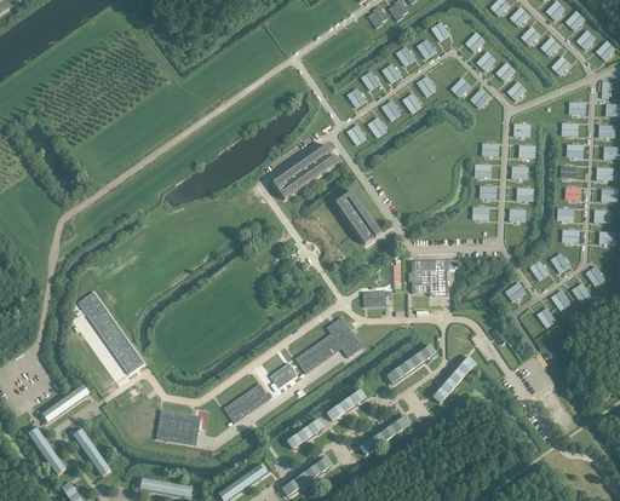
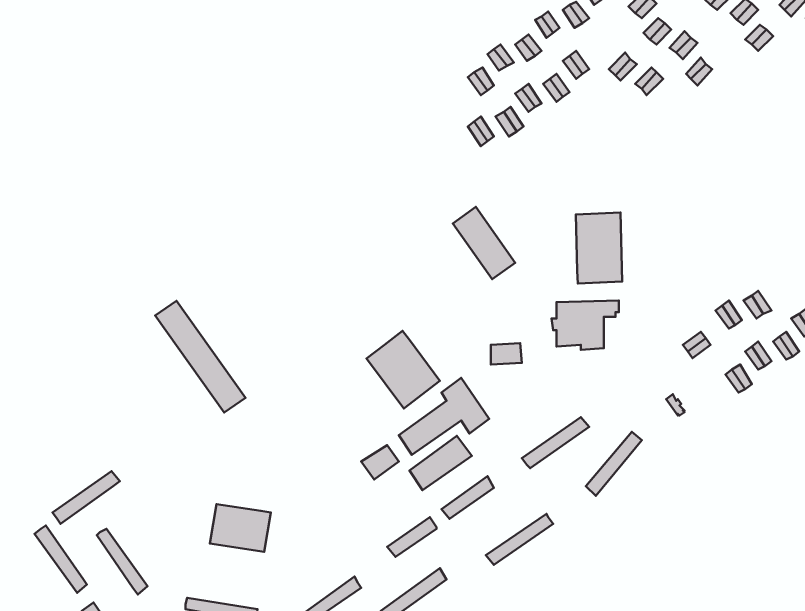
building: [274,144,338,198] -> none
building: none -> [576,212,622,284]
building: none -> [366,331,440,408]
building: [79,292,145,374] -> [155,301,246,412]
building: [224,382,270,422] -> [409,436,472,490]

